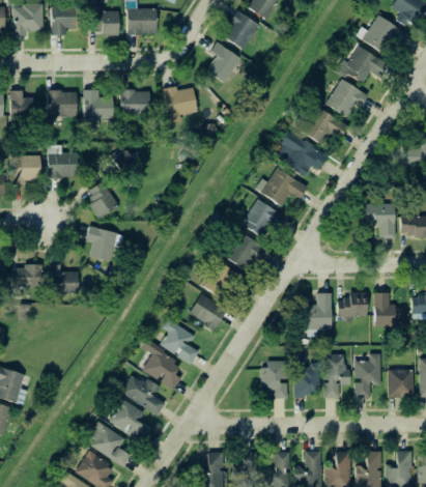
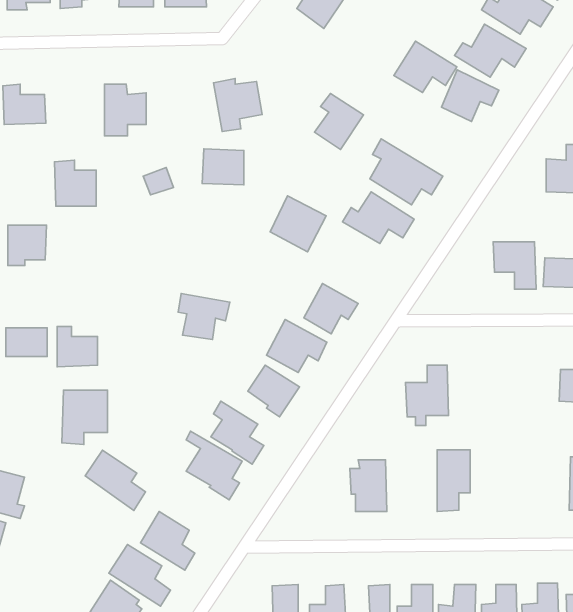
building: [205,42,240,83] -> [315,93,363,149]
building: [119,90,149,116] -> [202,149,244,185]
building: [46,91,77,117] -> none
building: [302,108,347,145] -> [394,41,457,93]
building: [12,155,40,184] -> [8,225,46,265]
building: [87,181,118,219] -> none
building: [243,200,283,240] -> [270,196,326,252]
building: [86,228,123,261] -> [178,294,230,340]
building: [337,292,367,317] -> none
building: [373,293,404,327] -> none
building: none -> [62,390,108,444]
building: [354,354,380,397] -> none
building: [293,363,320,396] -> none
building: [388,370,414,398] -> none
building: [121,373,165,417] -> [85,450,145,510]

